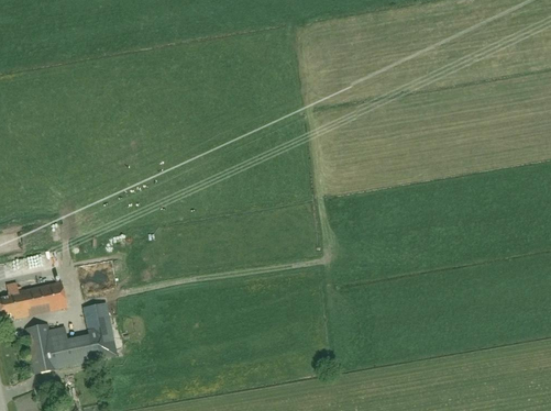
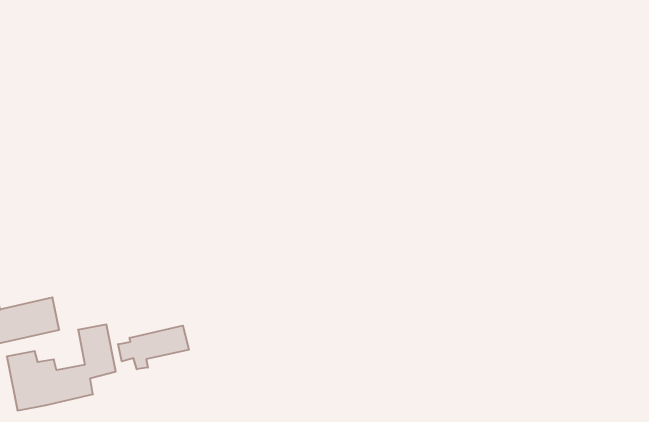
building: none -> [118,326,189,369]

